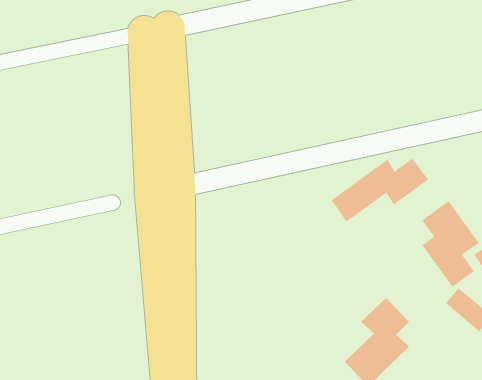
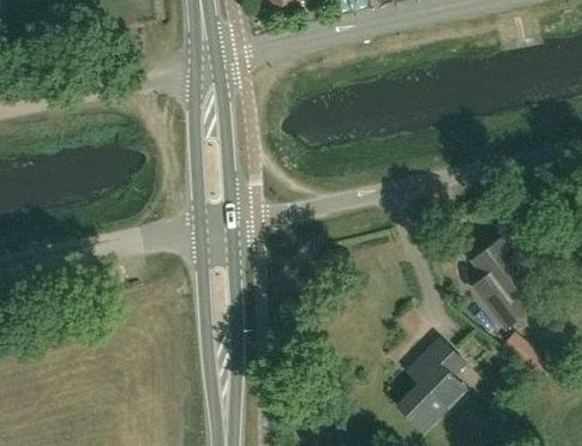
building: [331,158,429,223] -> none

